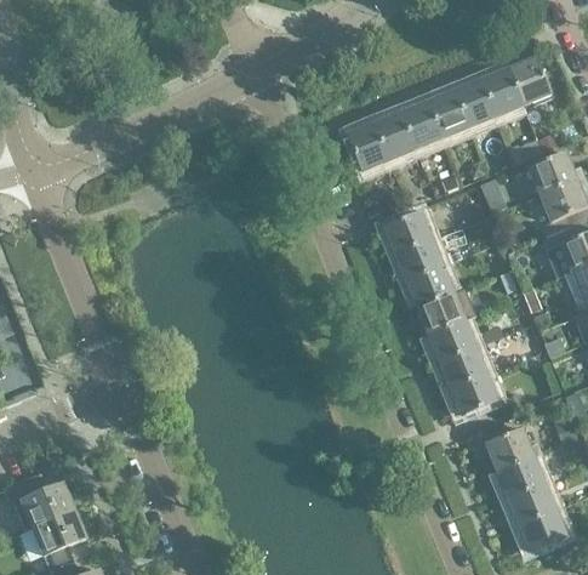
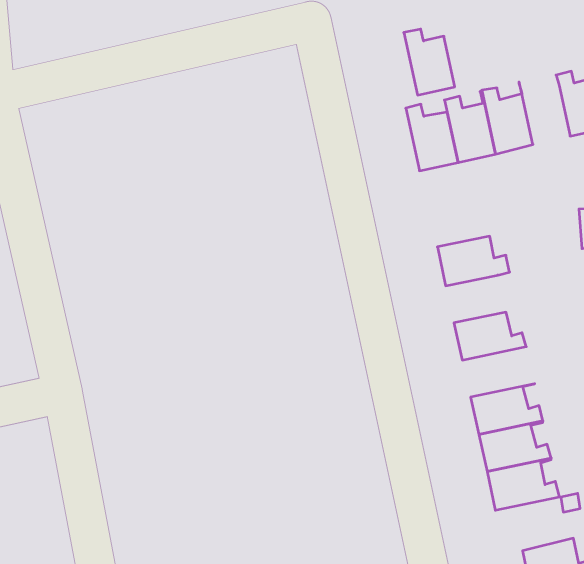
building: [421,90,466,140] -> [404,29,455,95]
building: [392,241,457,283] -> none
building: [413,289,484,336] -> none

